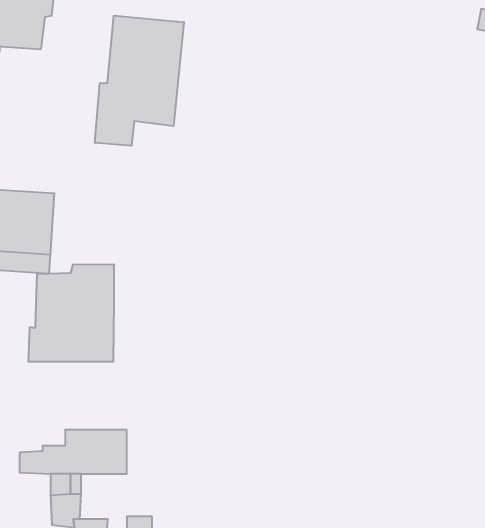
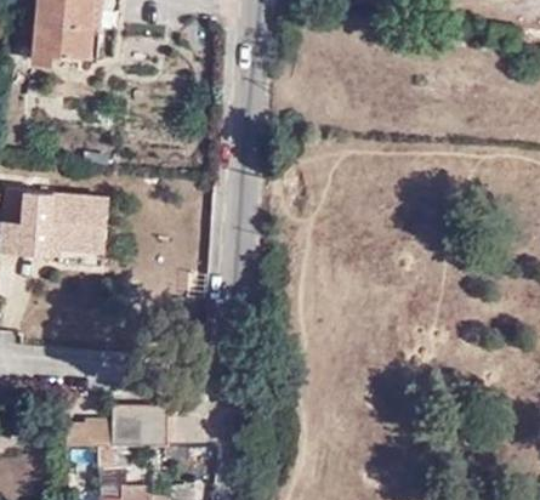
building: [95,16,184,146] -> none
building: [28,264,114,362] -> none

